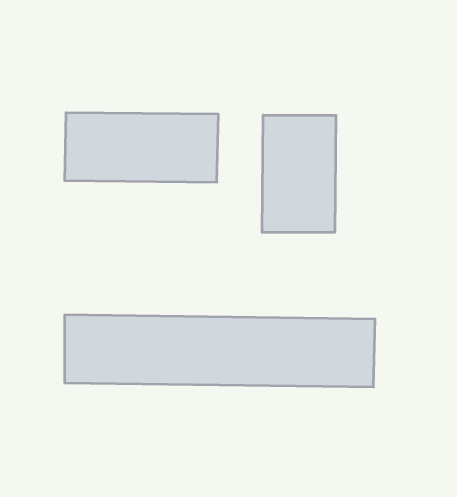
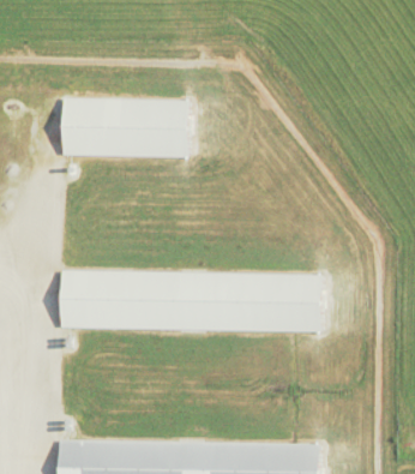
building: [262,115,336,232] -> none

